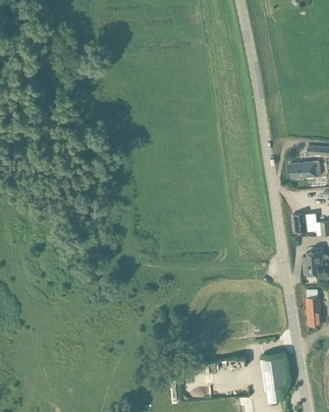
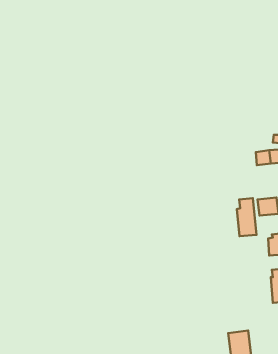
building: none -> [237,198,256,236]

